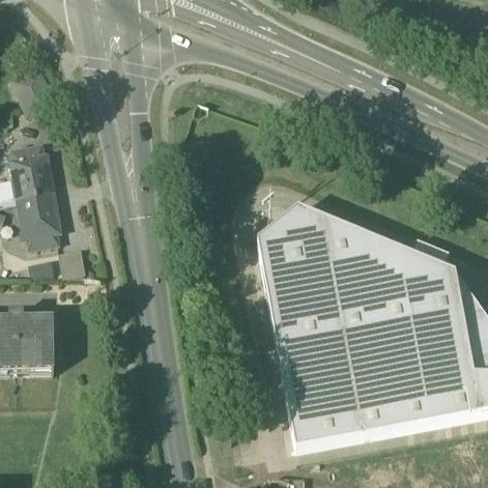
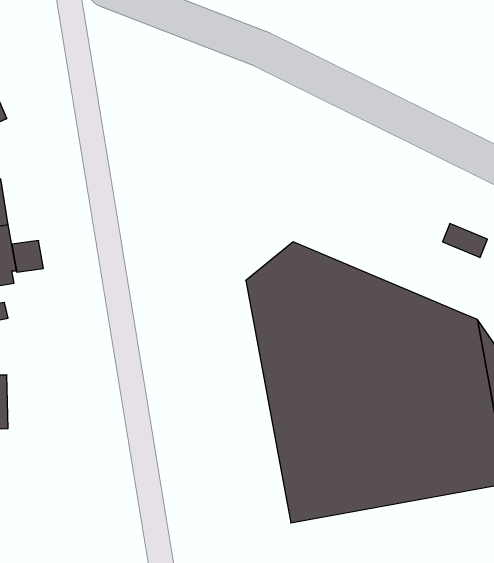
building: [410,239,449,268] -> [443,224,487,258]
building: [58,249,85,276] -> [12,241,43,272]

